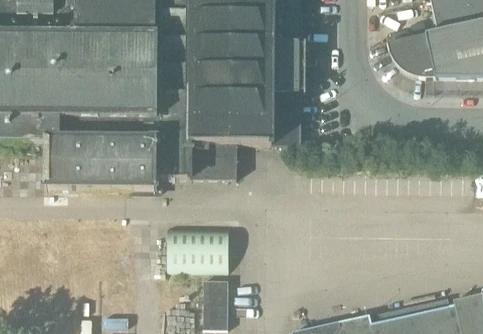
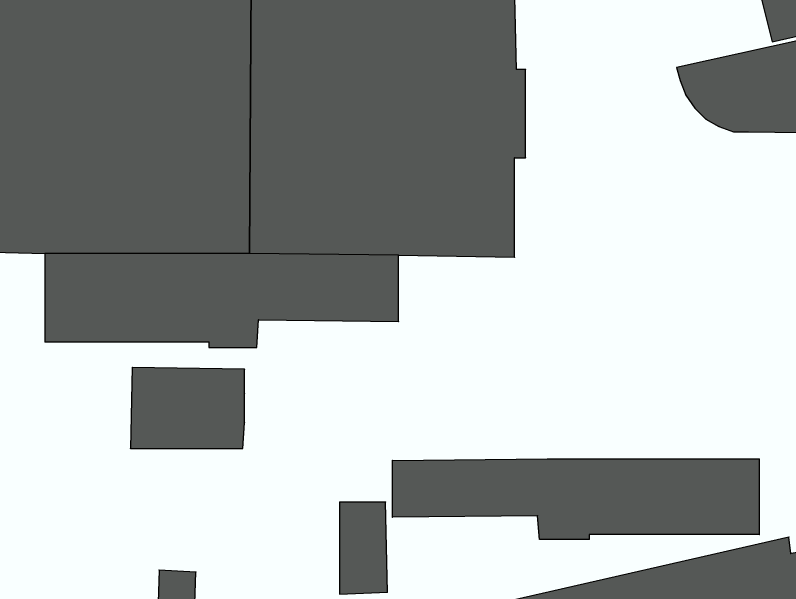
building: [166,227,228,271] -> [130,367,245,448]
building: none -> [392,459,759,539]

